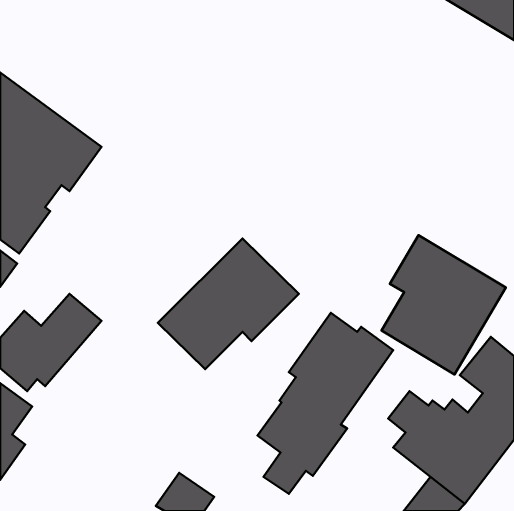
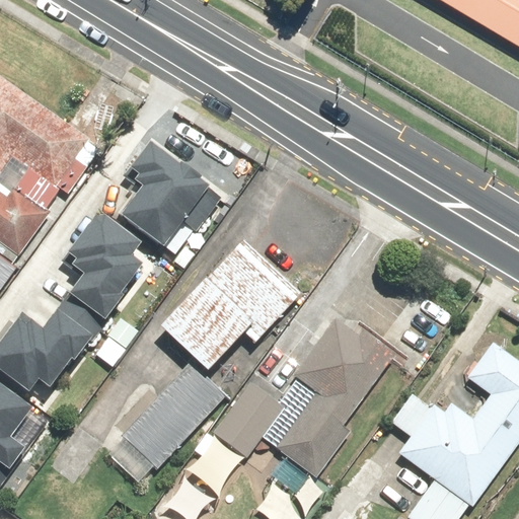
building: none -> [118,141,223,247]
building: none -> [65,210,145,318]
building: [382,235,506,374] -> none
building: none -> [113,379,224,483]
building: none -> [187,383,284,495]

